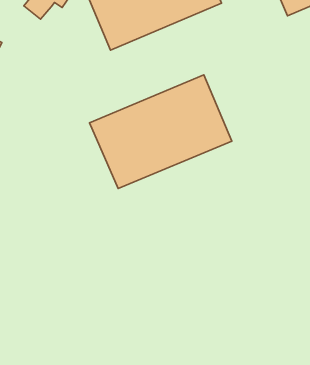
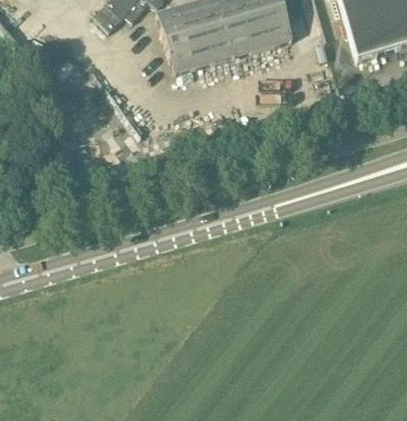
building: [89,75,232,188] -> none

